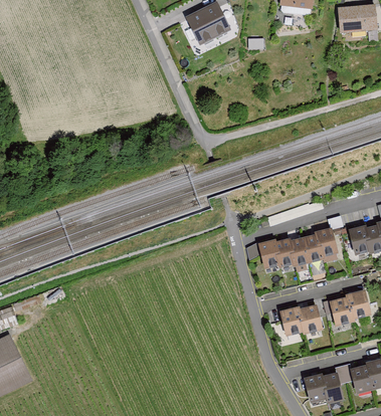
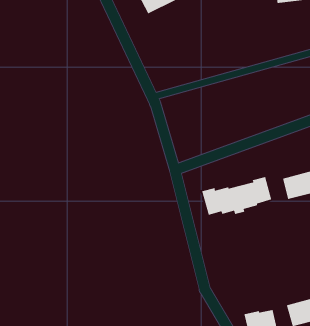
building: [331,293,372,326] -> none
building: [282,305,323,338] -> none

